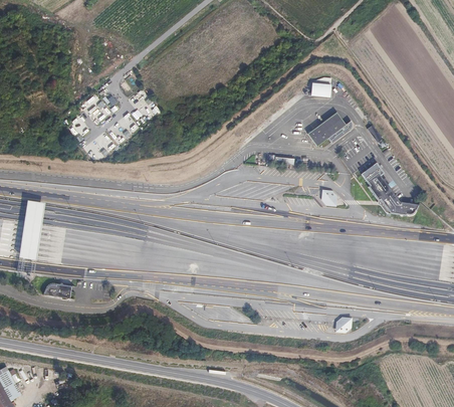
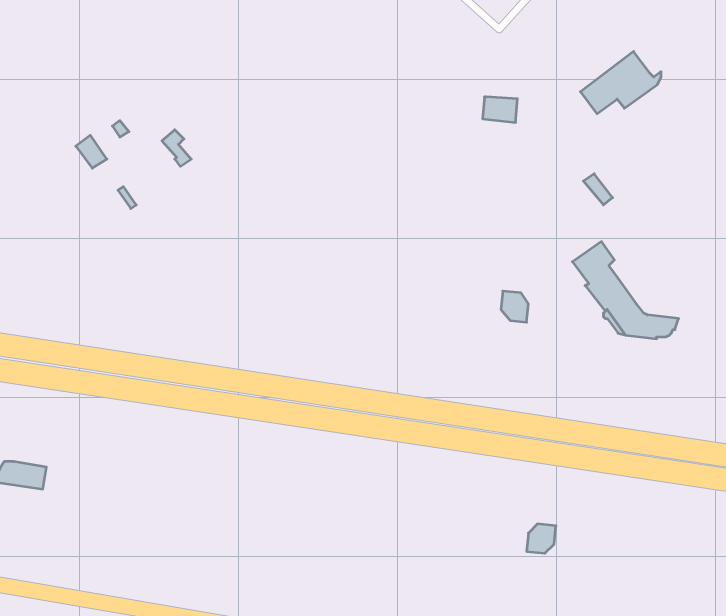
building: [307,112,352,146] -> [580,51,661,114]

